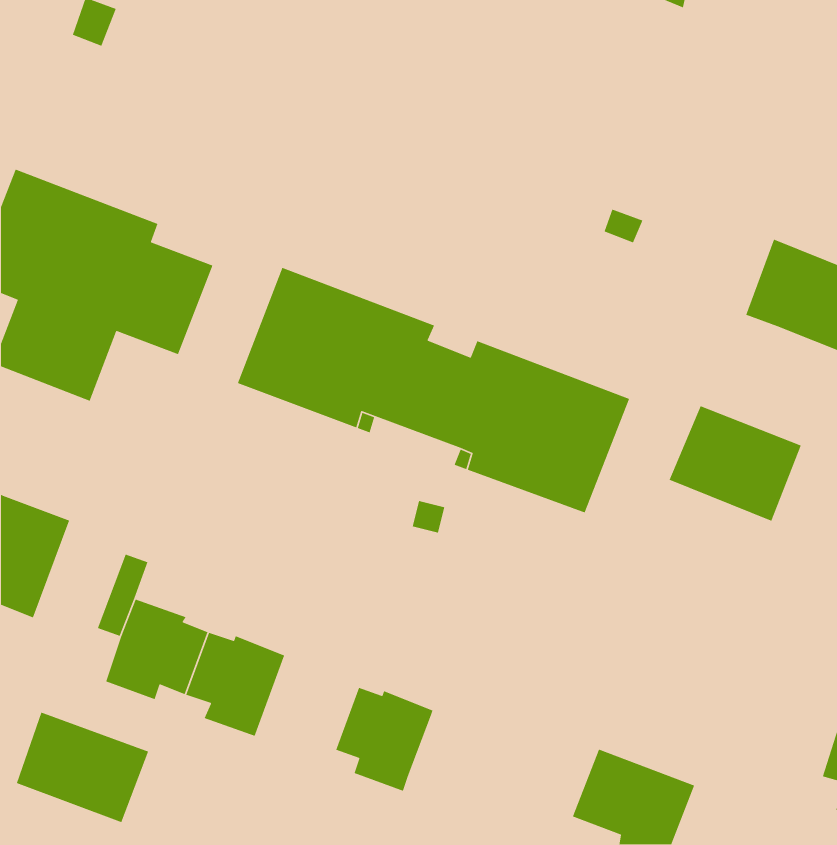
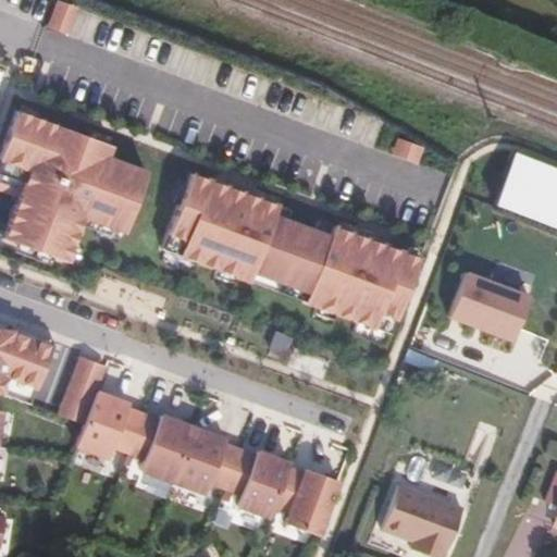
building: none -> [176,428,244,493]
building: [16,712,149,823] -> none
building: none -> [276,467,342,535]

